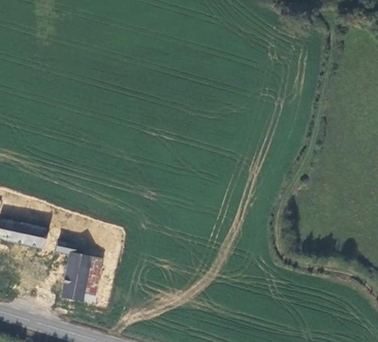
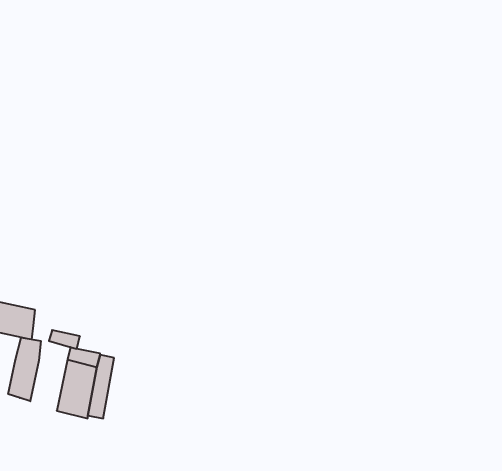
building: none -> [8,338,41,401]

